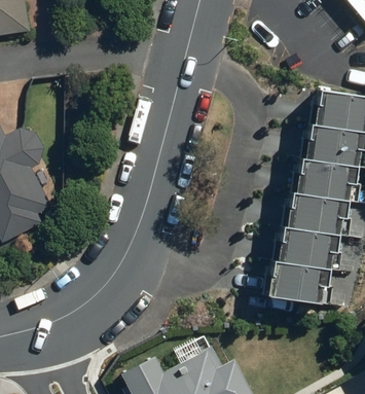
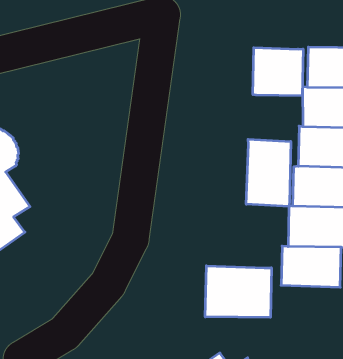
building: none -> [253,48,303,96]
building: none -> [246,139,291,206]
building: none -> [205,266,271,317]

